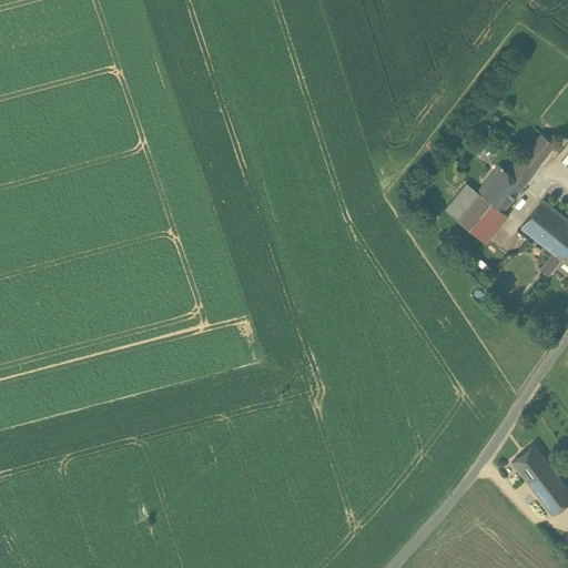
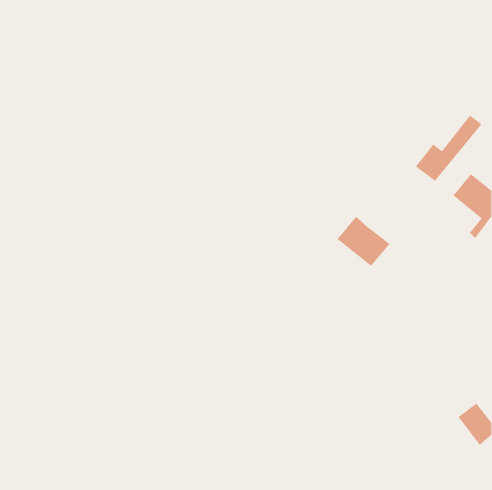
building: [445,184,507,243] -> [337,216,391,267]
building: [511,446,549,483] -> none

